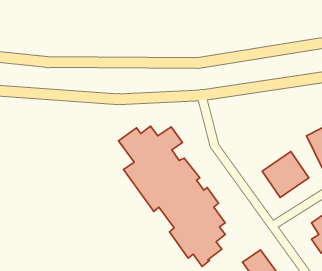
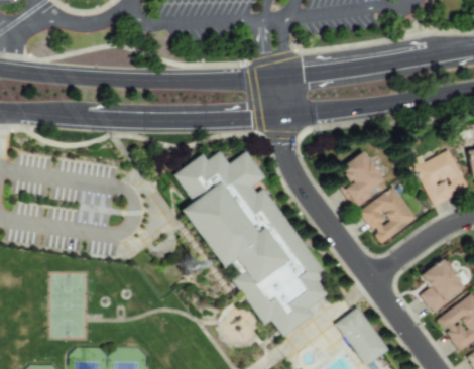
building: none -> [339,152,382,209]

